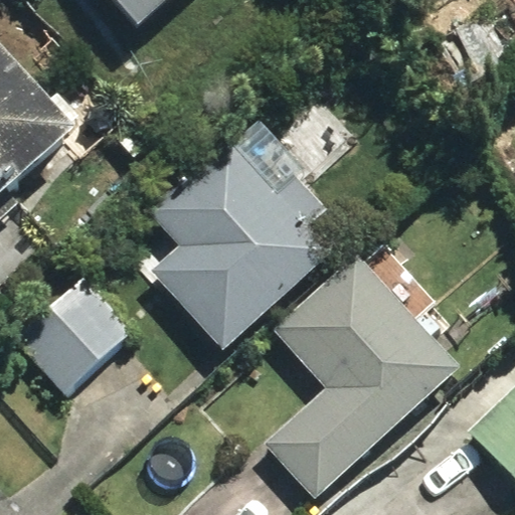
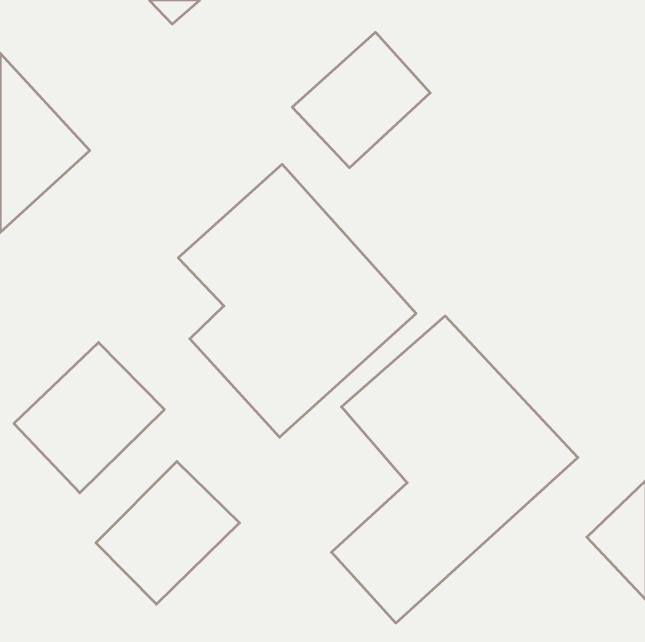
building: none -> [292,32,430,168]
building: none -> [96,461,240,604]

